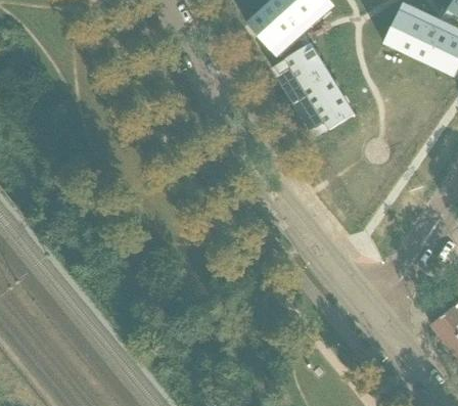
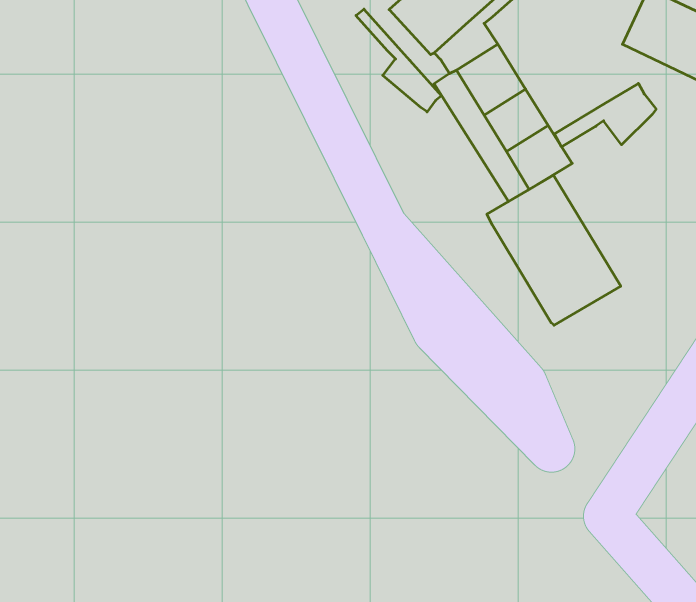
building: none -> [356,9,442,112]
building: none -> [554,83,656,147]
building: none -> [487,175,621,325]

